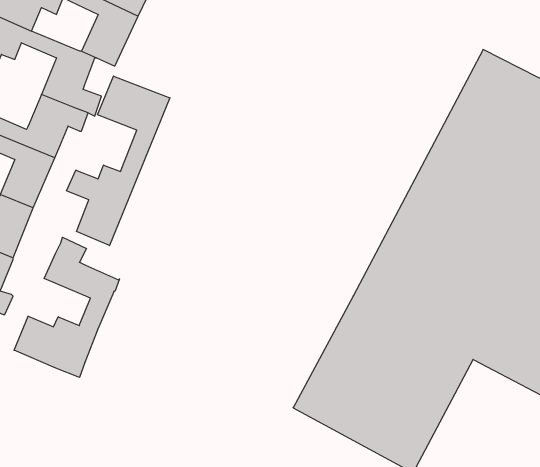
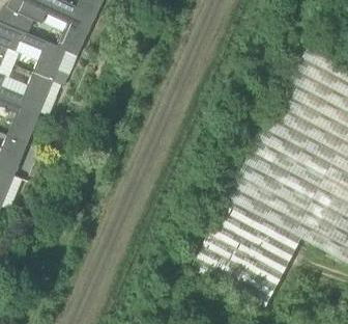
building: [66,76,170,246] -> none
building: [14,237,120,377] -> none

